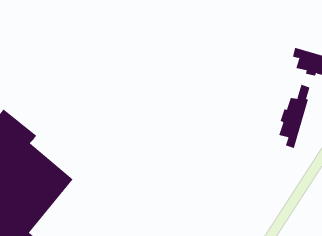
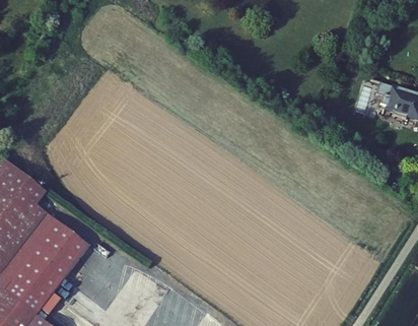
building: [278,84,310,149] -> none

